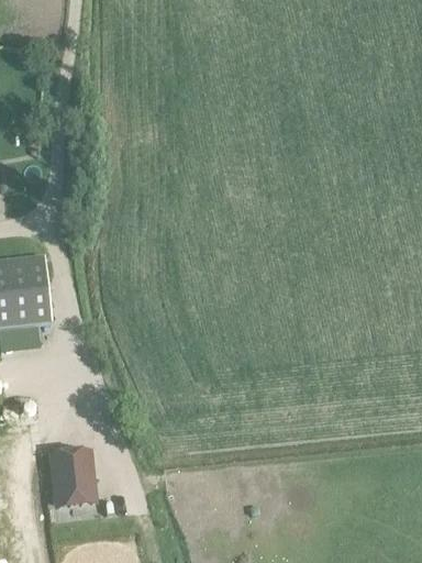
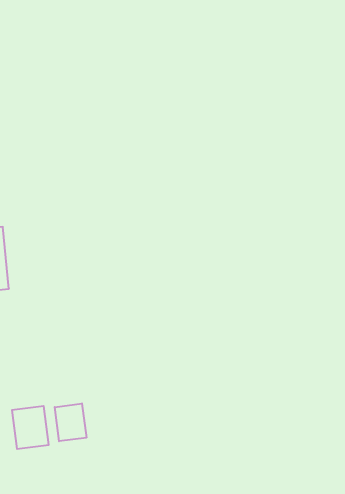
building: none -> [55,403,86,441]

